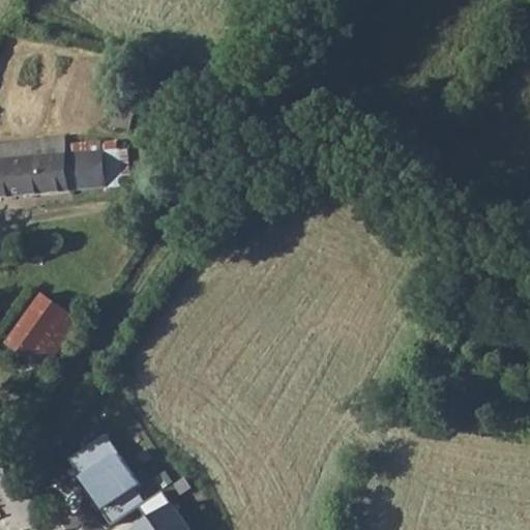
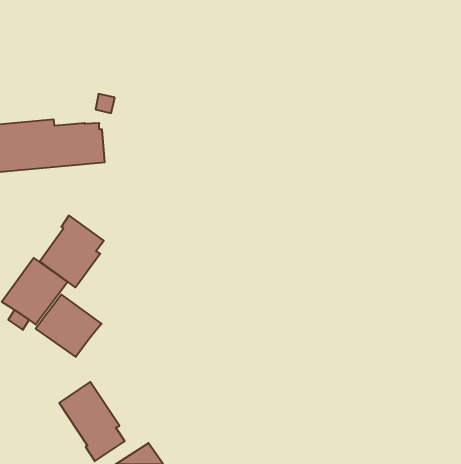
building: none -> [40,215,104,287]
building: none -> [36,294,102,357]

